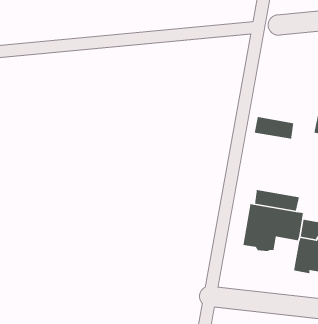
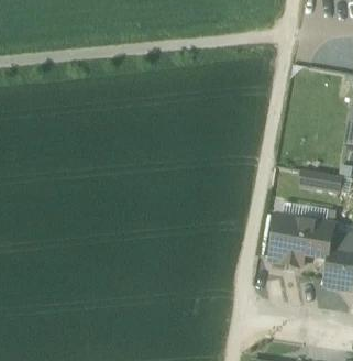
building: [254,116,294,140] -> [299,168,341,193]

